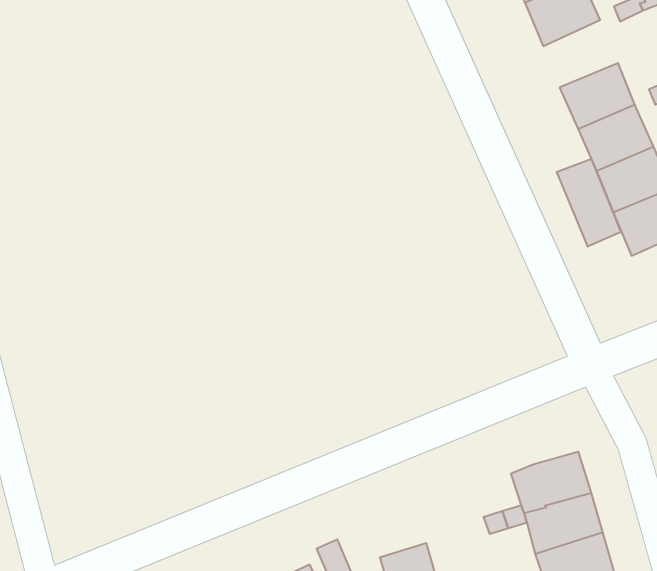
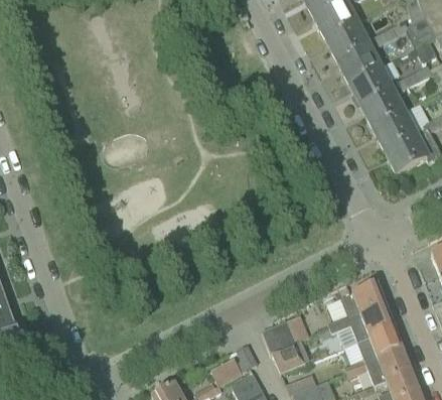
building: none -> [338,44,381,84]
building: [557,159,621,247] -> none
building: none -> [262,320,297,353]

